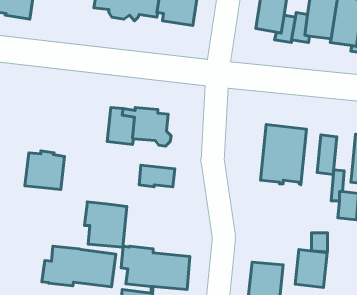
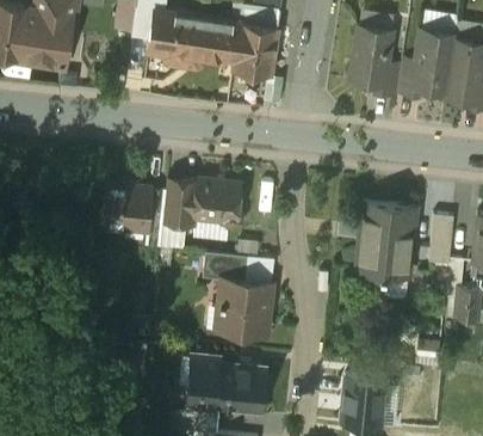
building: [25,151,64,190] -> [101,182,151,231]
building: [84,202,127,247] -> [218,278,272,336]
building: [42,246,116,287] -> none
building: [295,249,327,287] -> none

